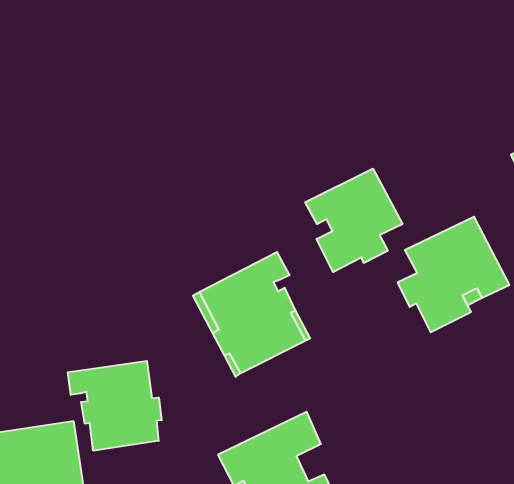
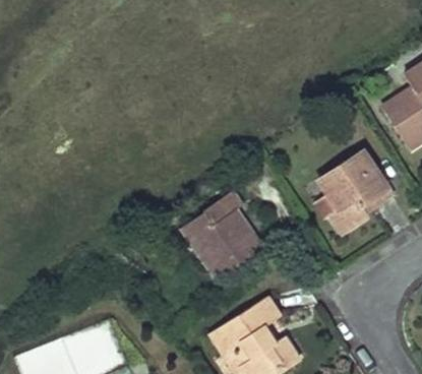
building: [305,169,402,272] -> none
building: [68,361,162,451] -> none

